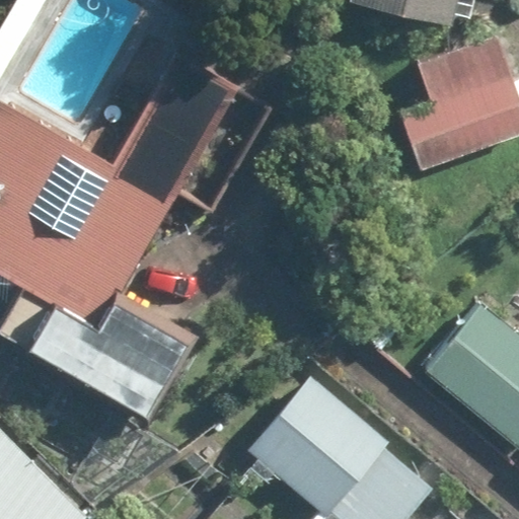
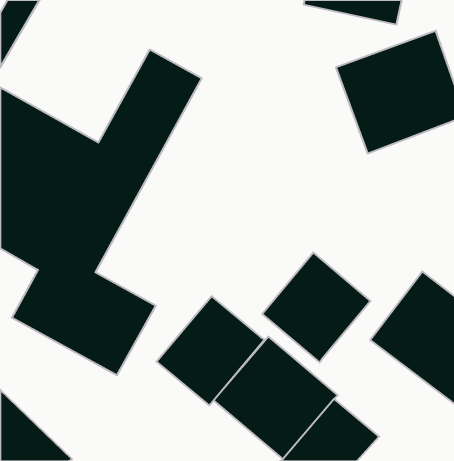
building: none -> [262,252,371,362]
building: none -> [156,296,265,405]

